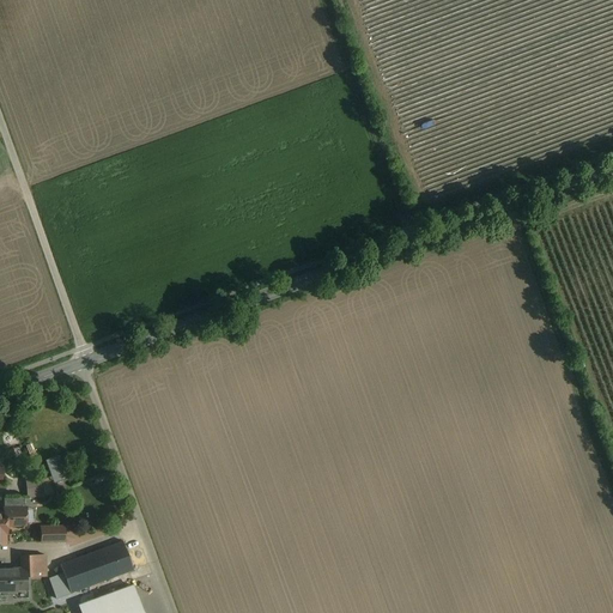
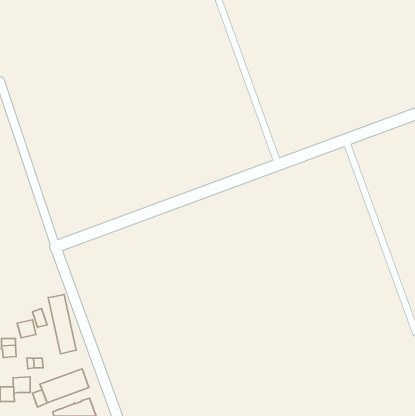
building: none -> [48,295,76,354]

